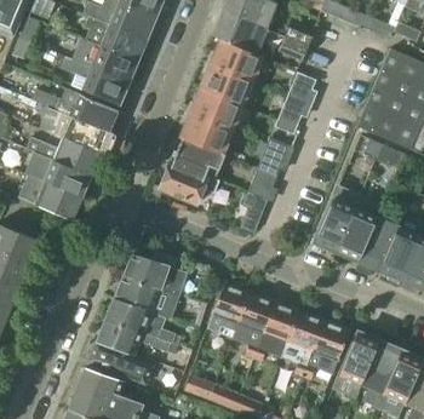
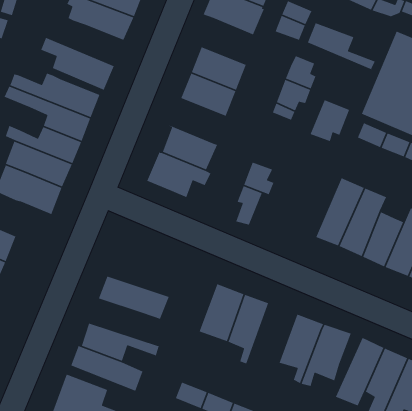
building: [210,39,262,81] -> none
building: [65,41,138,82] -> none
building: none -> [307,22,376,70]
building: [181,113,233,154] -> none
building: [257,138,294,178] -> [310,99,350,142]
building: [122,251,189,295] -> none
building: [105,298,181,345] -> none
building: [252,302,298,362] -> none

